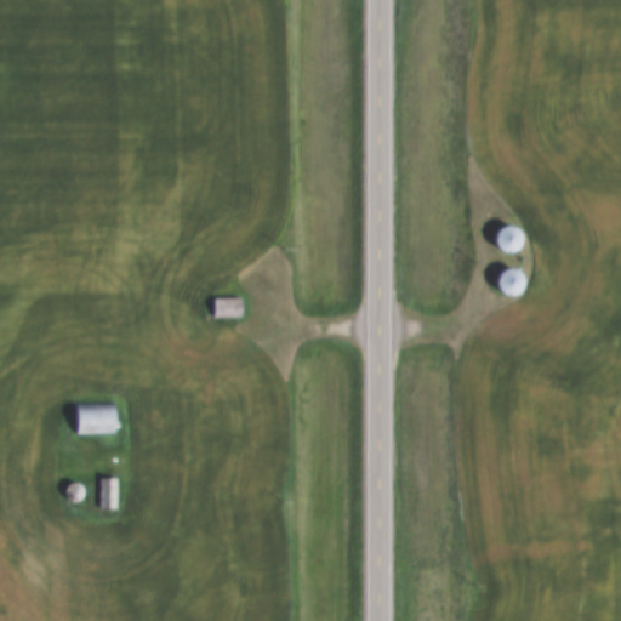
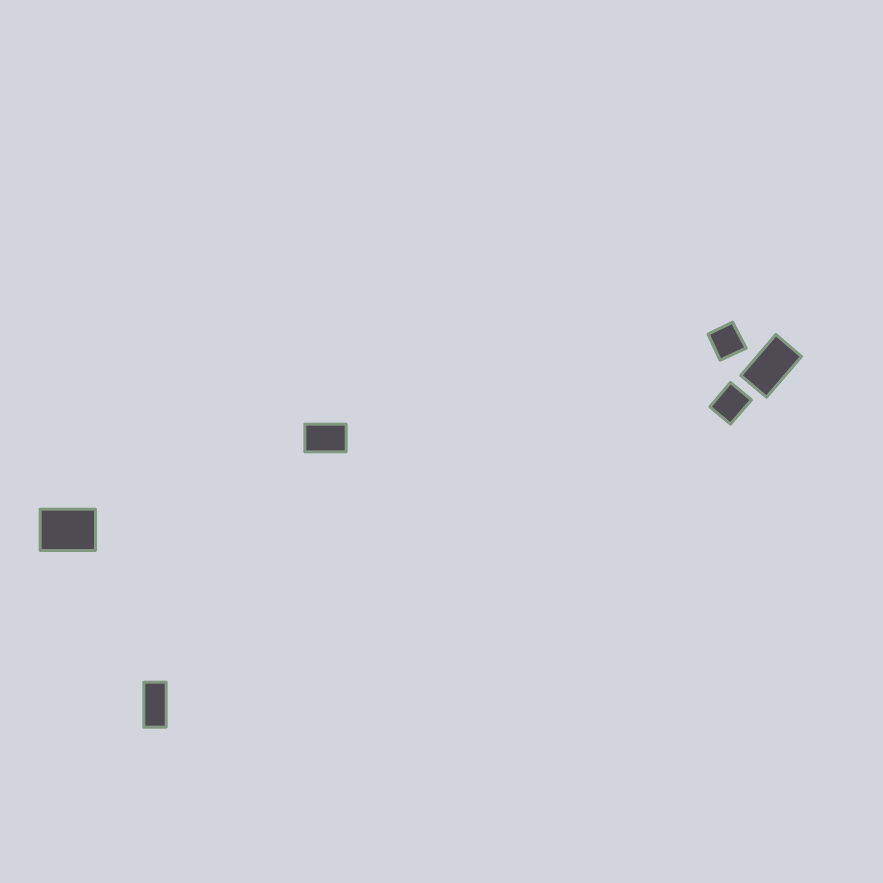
building: none -> [741,335,801,397]
building: [76,404,115,433] -> [40,509,95,551]

